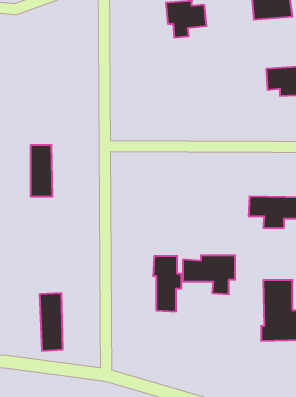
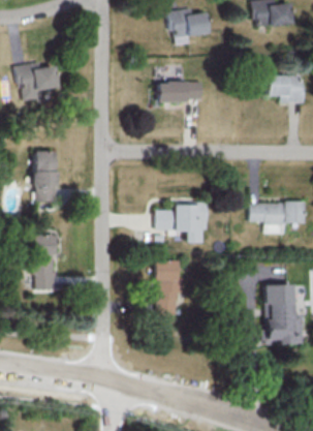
building: none -> [15,63,59,101]
building: none -> [158,82,204,101]
building: [183,255,235,294] -> [157,205,209,243]
building: [40,293,63,351] -> [34,235,57,291]

